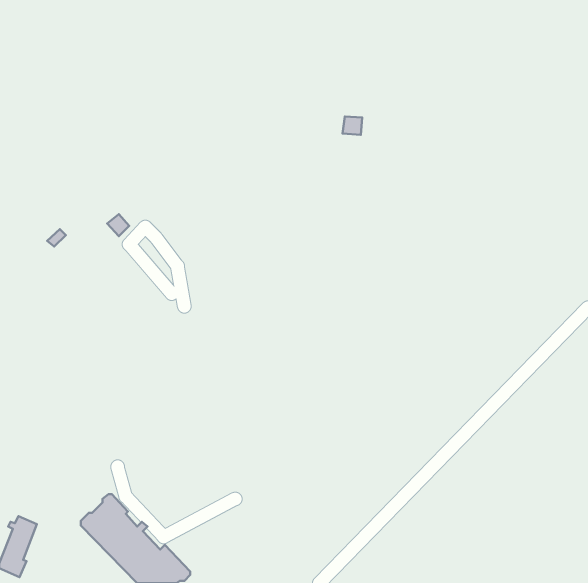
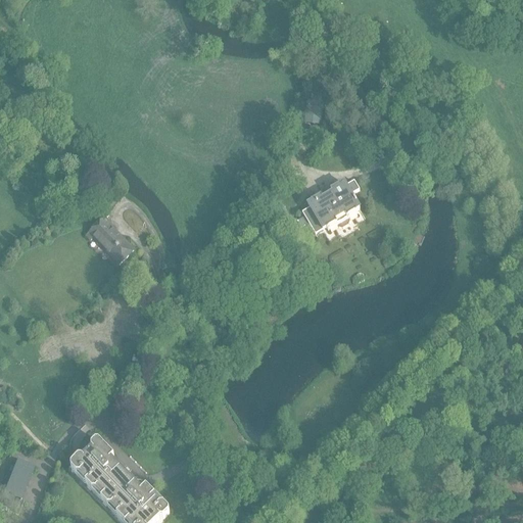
building: none -> [296,179,360,232]
building: none -> [87,217,133,263]

